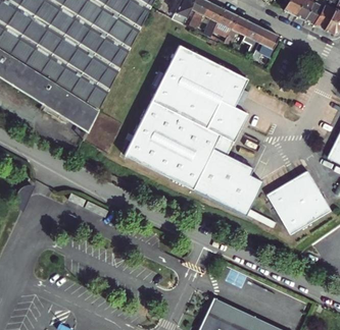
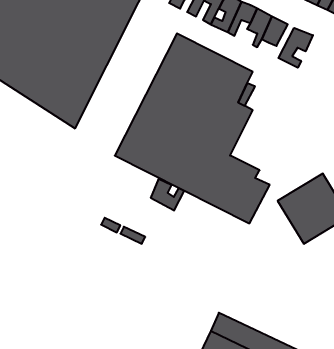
building: none -> [278,28,313,68]
building: none -> [151,179,184,211]

